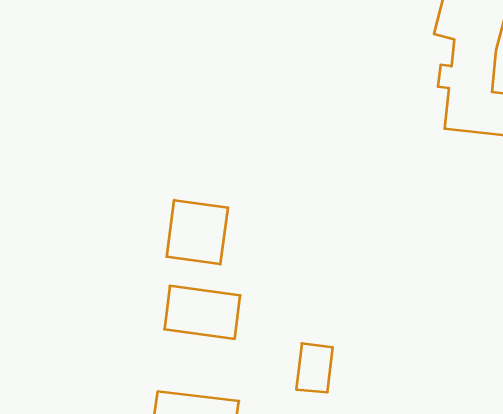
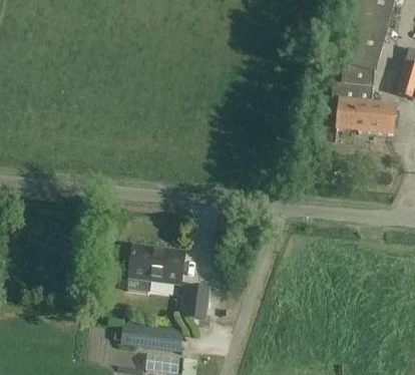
building: [167,200,228,264] -> none
building: [296,343,333,392] -> [184,285,212,321]

